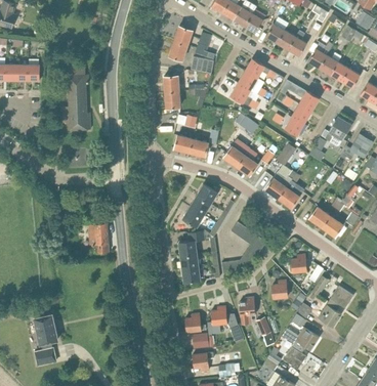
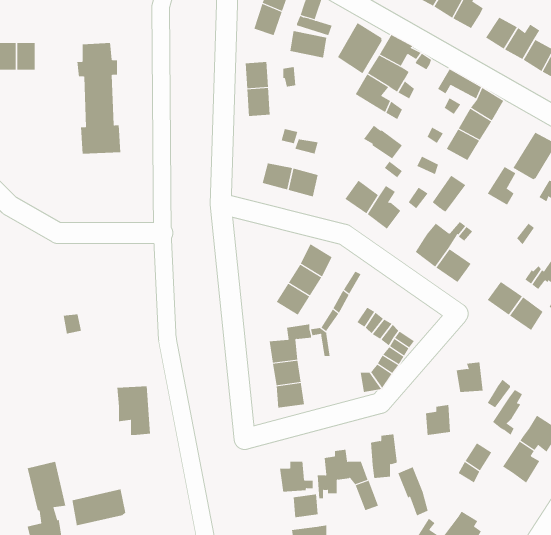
building: none -> [337,22,382,74]
building: [88,223,109,253] -> [116,386,151,436]
building: [281,328,319,350] -> none
building: none -> [72,488,126,526]

